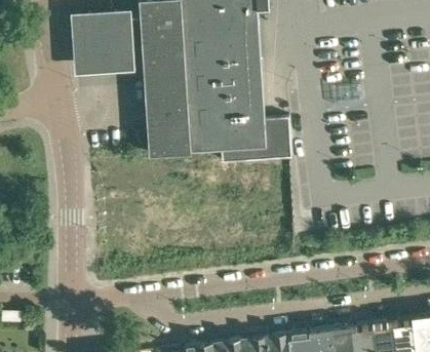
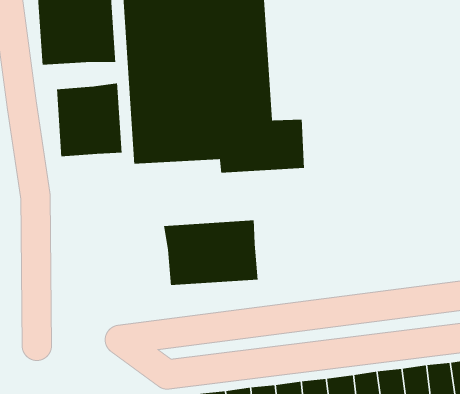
building: none -> [56,82,123,157]
building: none -> [163,219,259,286]

